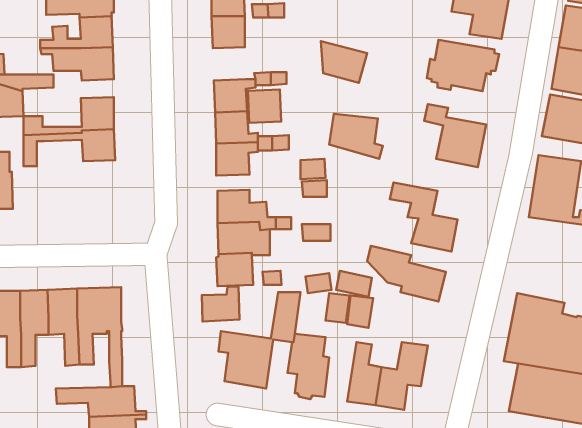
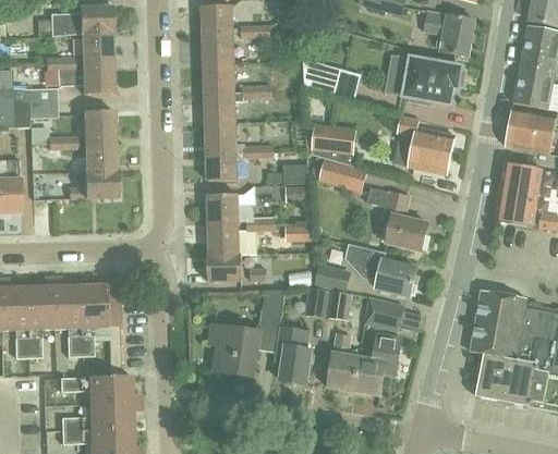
building: [248,90,281,123] -> [203,63,233,94]
building: none -> [310,159,364,193]
building: none -> [66,167,117,197]
building: [202,286,240,322] -> none
building: none -> [363,296,425,331]

